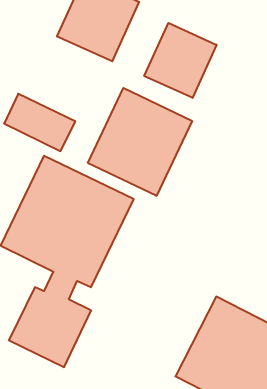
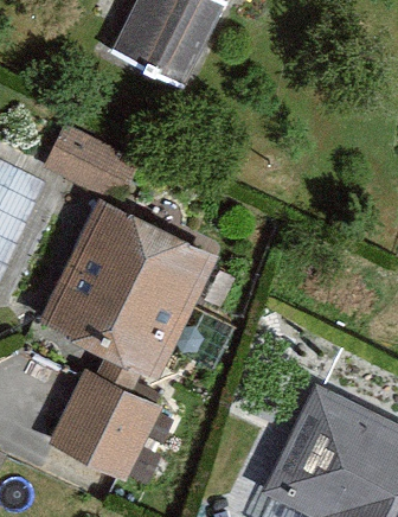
building: [144,23,217,98] -> none
building: [88,88,192,196] -> none

